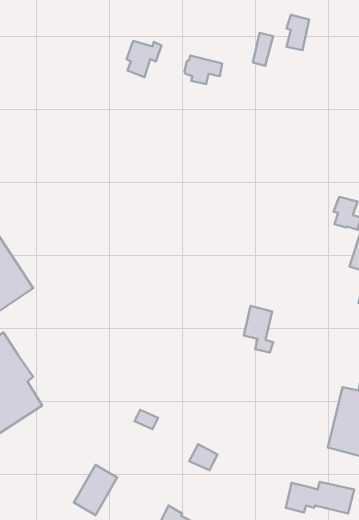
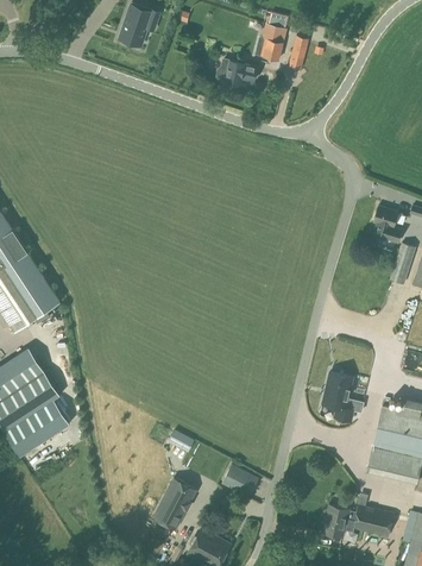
building: [286,15,309,50] -> [263,24,286,61]
building: [126,41,162,77] -> [122,8,159,46]
building: [244,306,273,352] -> [323,372,354,421]
building: [74,465,117,515] -> [152,477,197,529]

